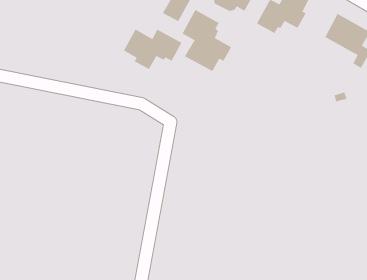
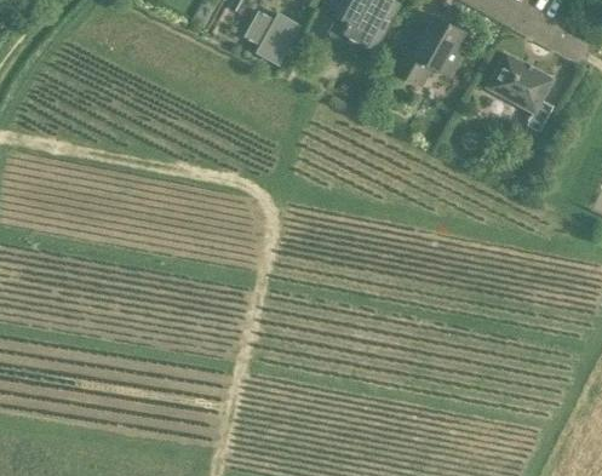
building: [182,9,232,72] -> none
building: [123,28,182,70] -> none

